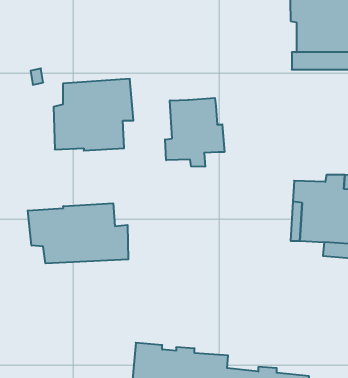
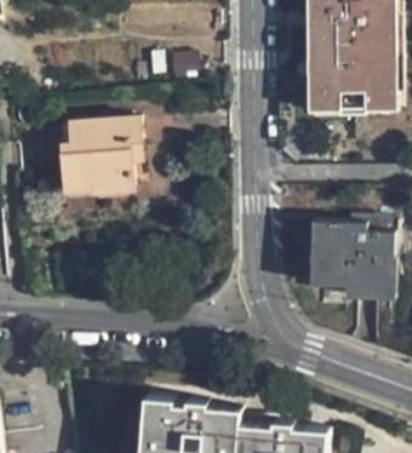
building: [165,98,224,167] -> none
building: [28,203,128,263] -> none

